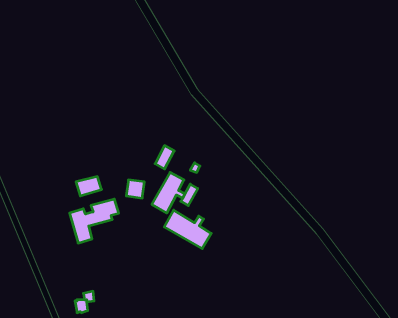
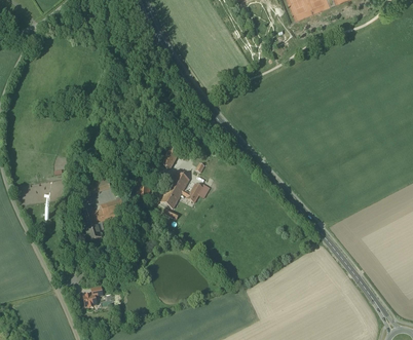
building: [164,210,211,249] -> none

